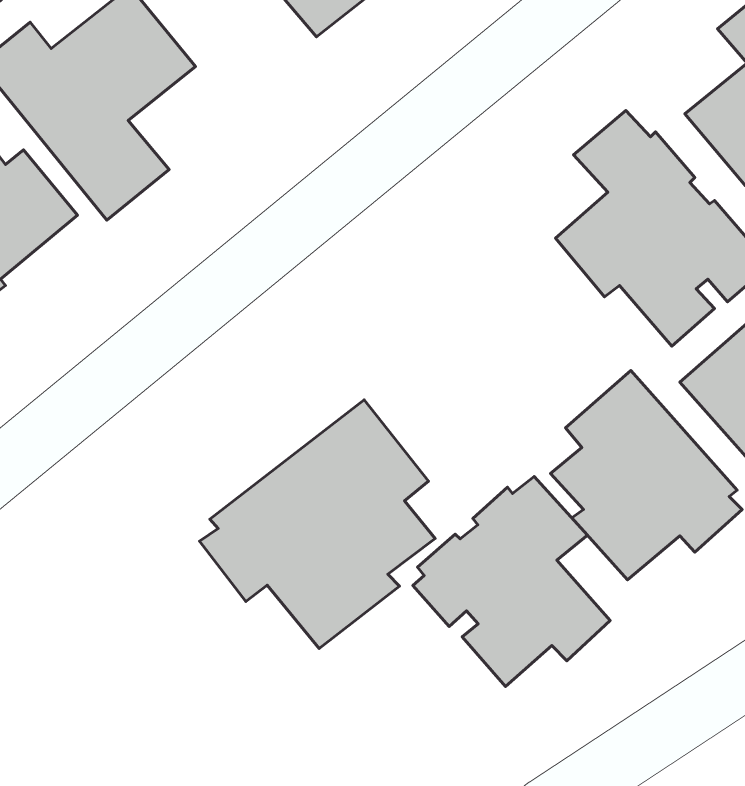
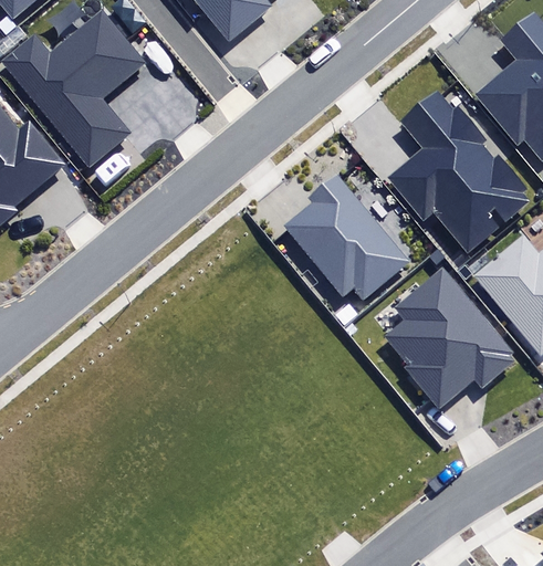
building: none -> [288,174,407,296]
building: [200,400,435,648] -> none
building: [413,476,610,686] -> none

